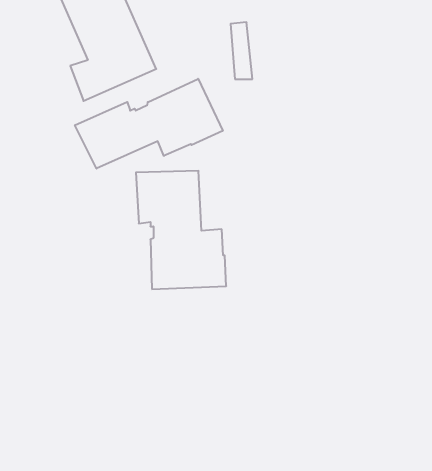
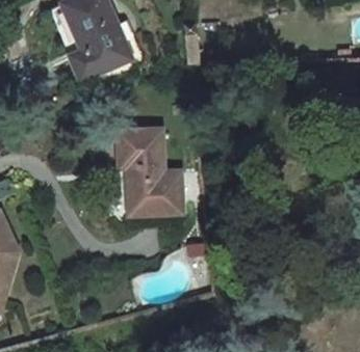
building: [75,79,223,169] -> none

